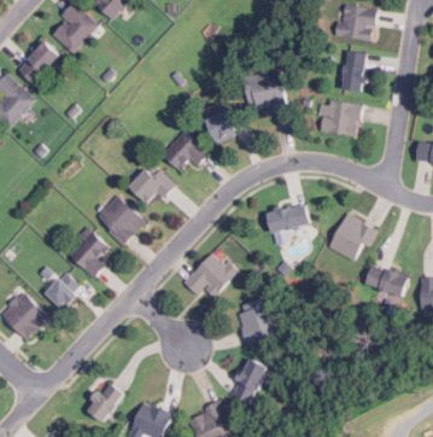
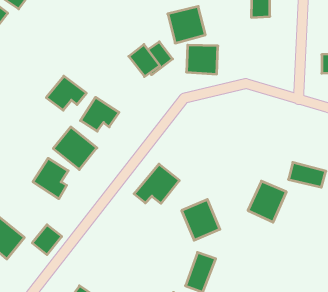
building: [321,100,361,138] -> [186,45,218,74]
building: [160,132,207,171] -> [46,76,86,110]
building: [265,204,309,244] -> none
building: [327,214,374,263] -> [248,181,286,222]
building: [45,273,80,308] -> [32,225,62,255]

